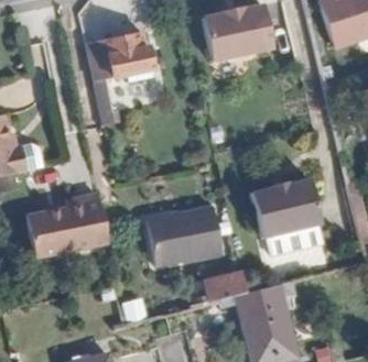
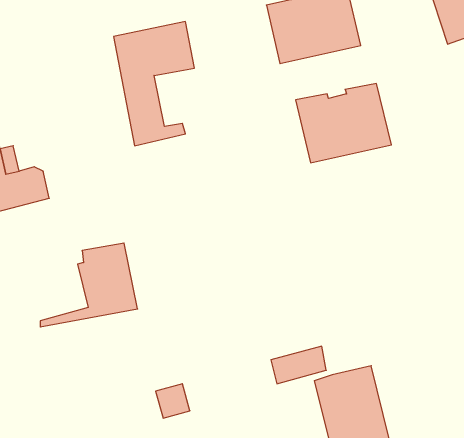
building: [253,179,324,238] -> [296,84,391,163]
building: [149,209,224,265] -> none
building: [29,210,71,252] -> none

